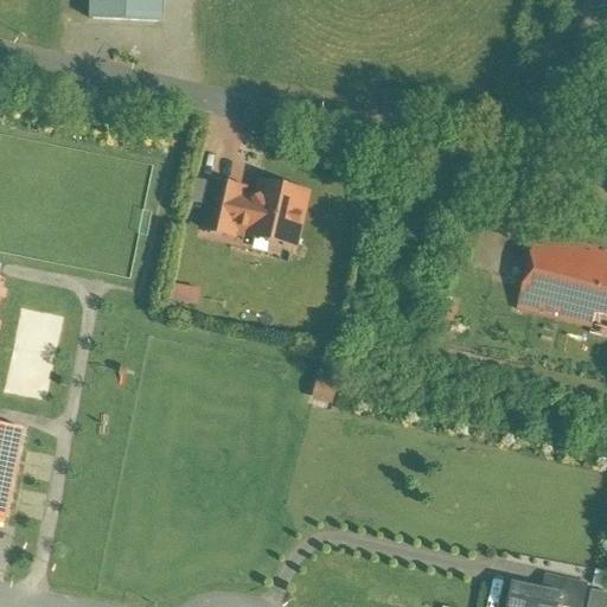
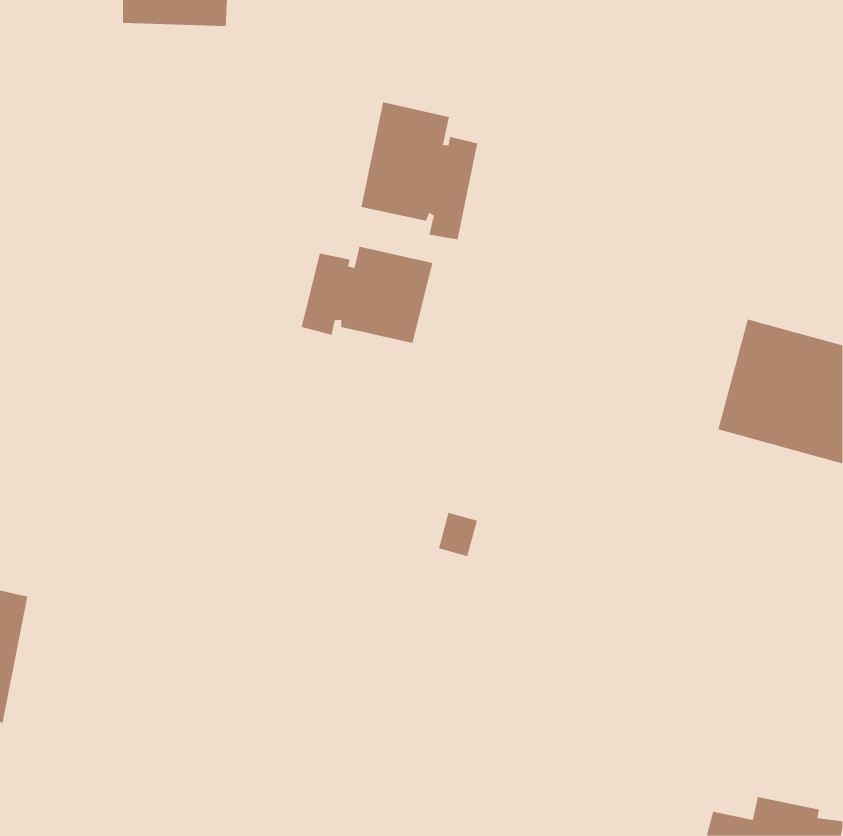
building: none -> [361,102,478,240]

